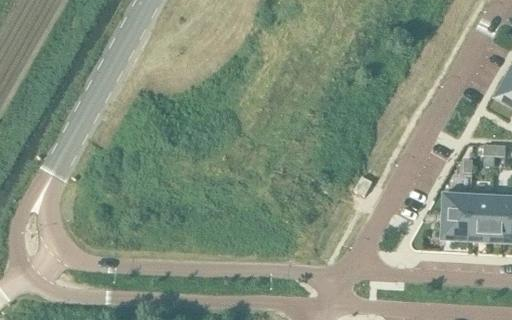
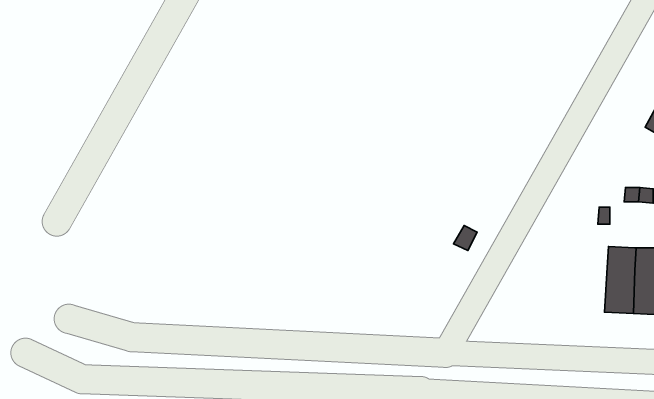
building: [445,187,471,238] -> none

